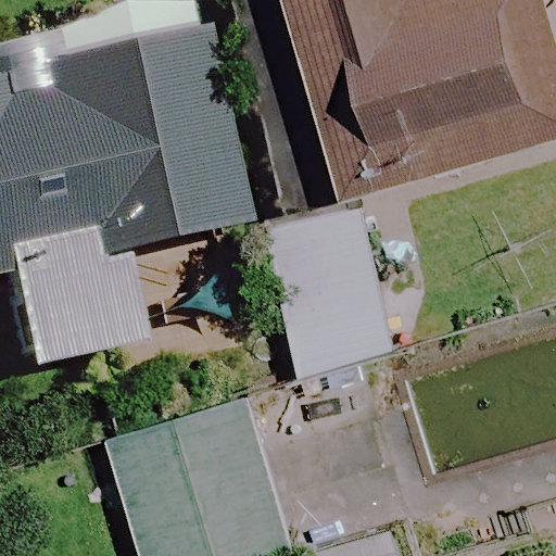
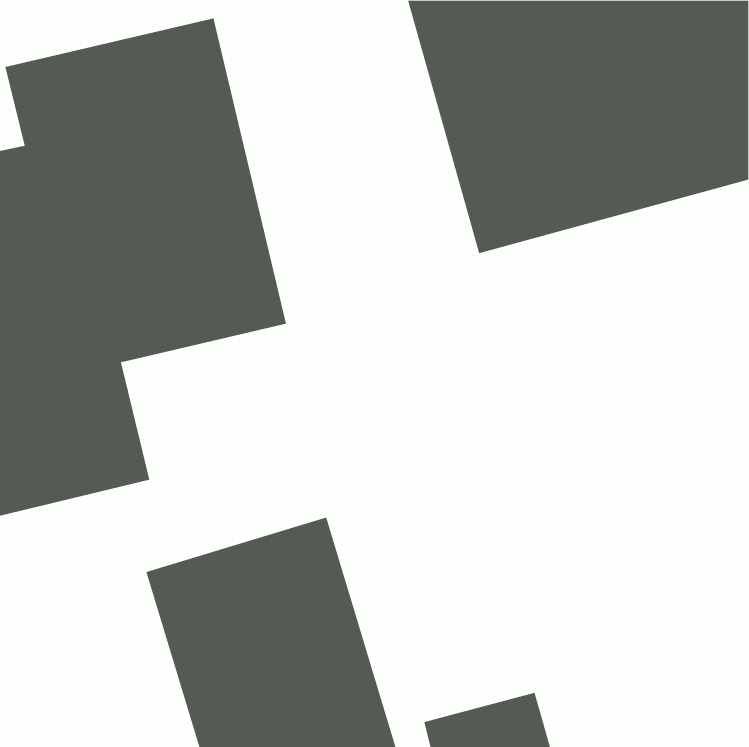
building: [270,204,403,372] -> none

